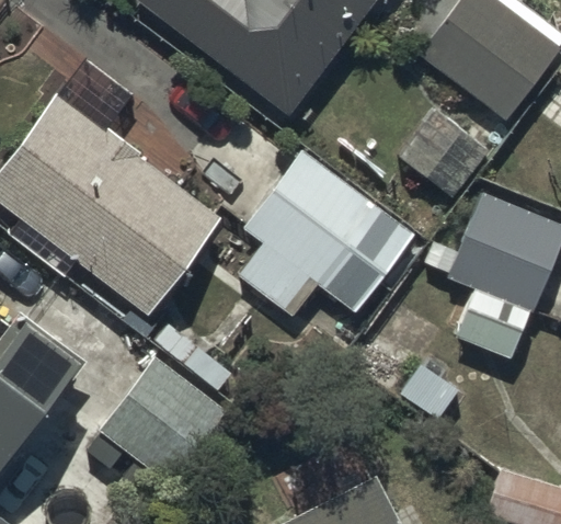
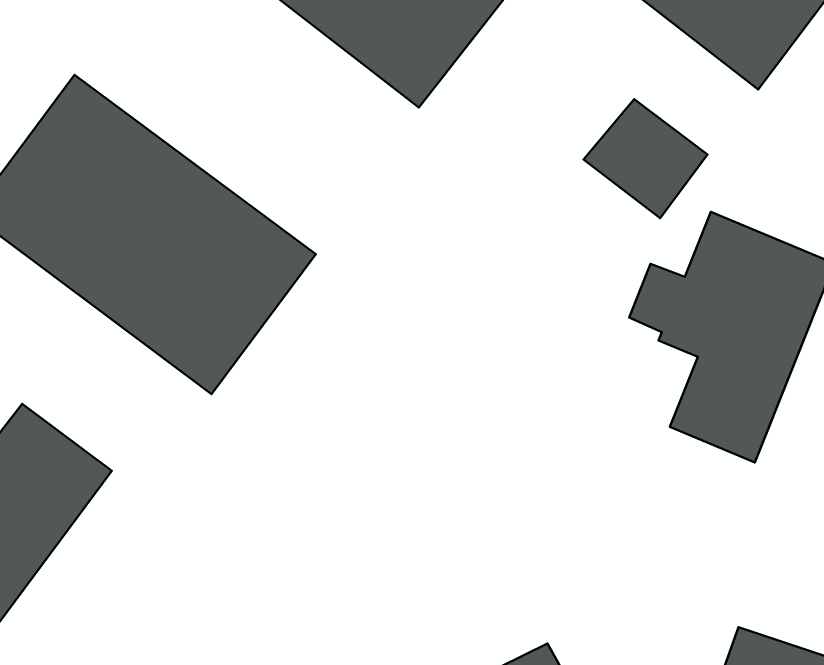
building: [242,151,411,312] -> none
building: [106,352,232,477] -> none

